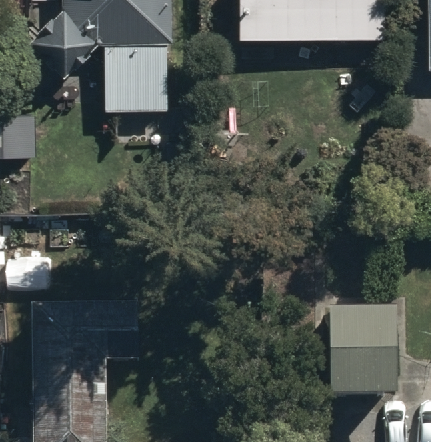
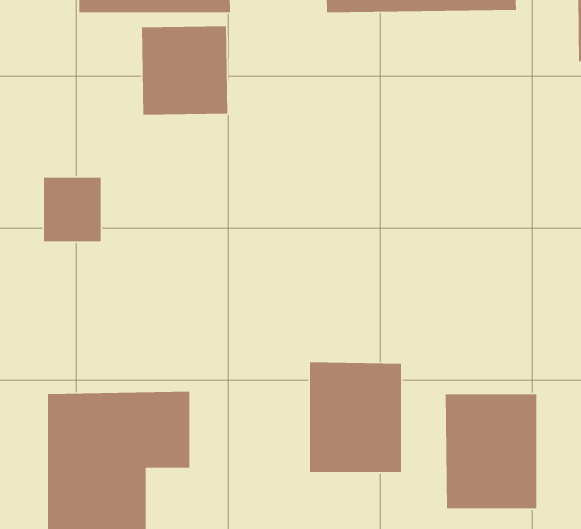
building: none -> [309,362,402,473]

